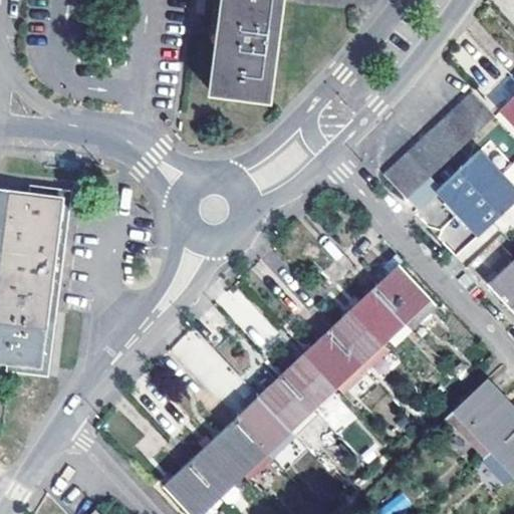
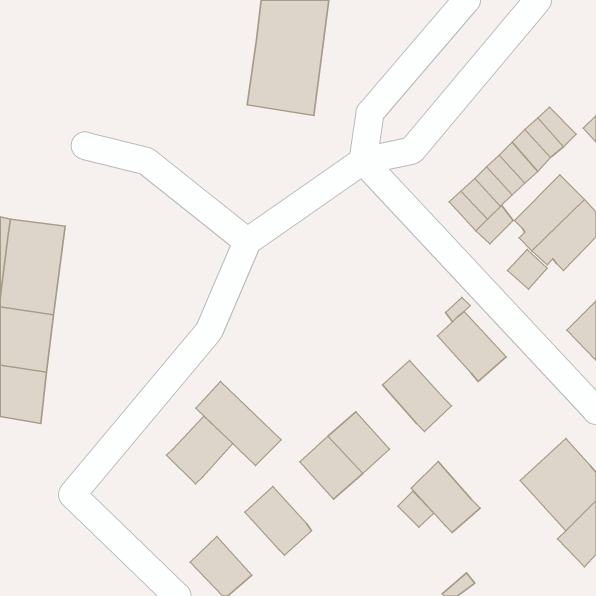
building: [352,289,406,343] -> none
building: [306,331,365,393] -> [411,461,480,533]
building: none -> [166,416,233,484]
building: [235,398,287,451] -> none
building: [187,441,240,495] -> none

